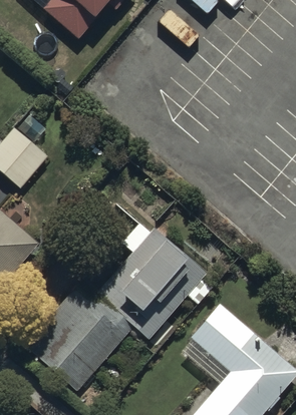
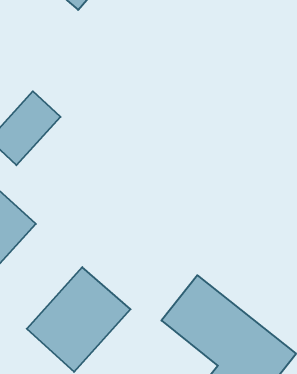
building: [109,240,194,324] -> none

